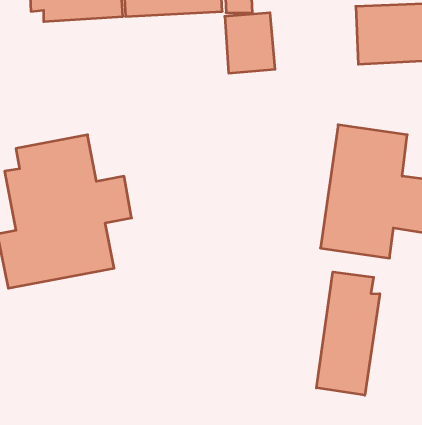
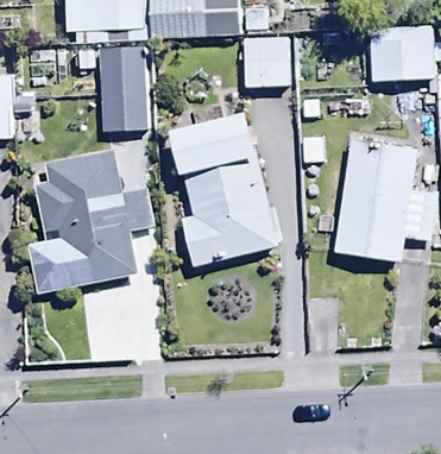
building: none -> [96,44,149,133]
building: none -> [172,114,281,265]
building: [316,272,380,395] -> none

